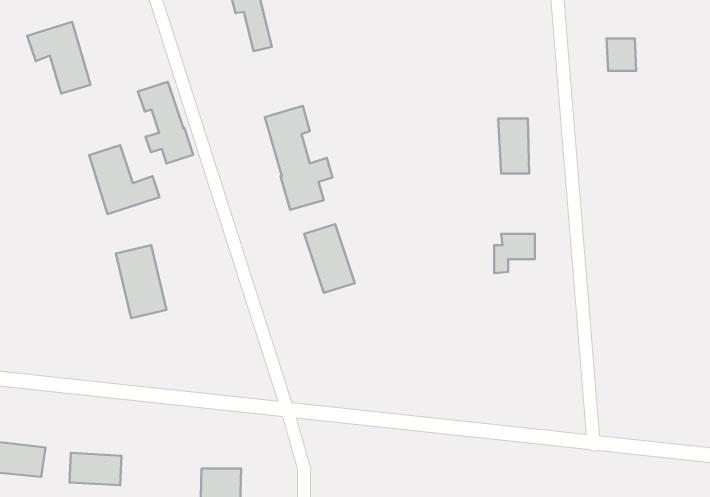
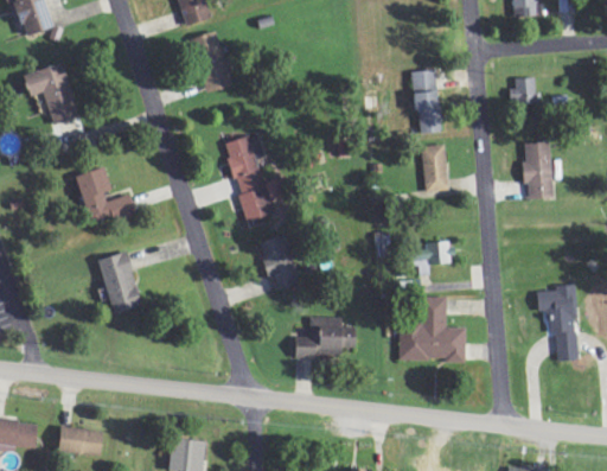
building: none -> [413,70,441,133]
building: [138,82,193,163] -> none
building: none -> [524,141,552,198]
building: none -> [537,285,577,361]
building: none -> [397,297,466,364]
building: none -> [295,316,357,354]

